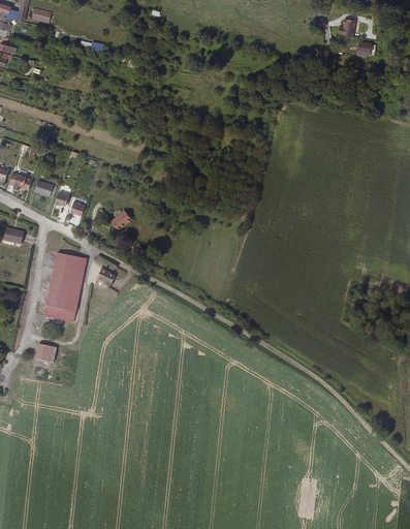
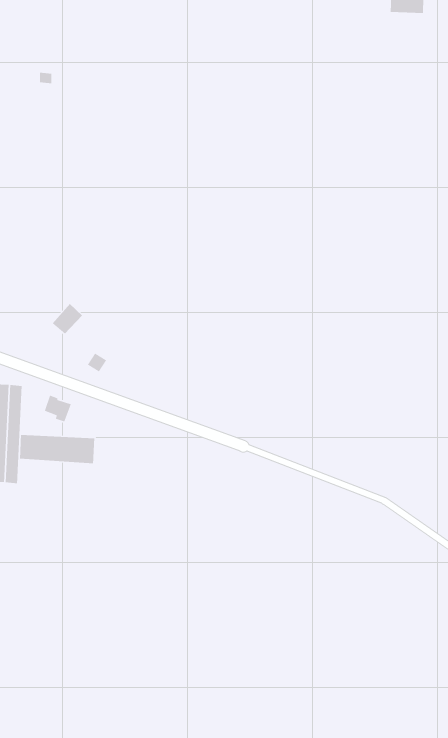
building: none -> [19,434,95,464]

